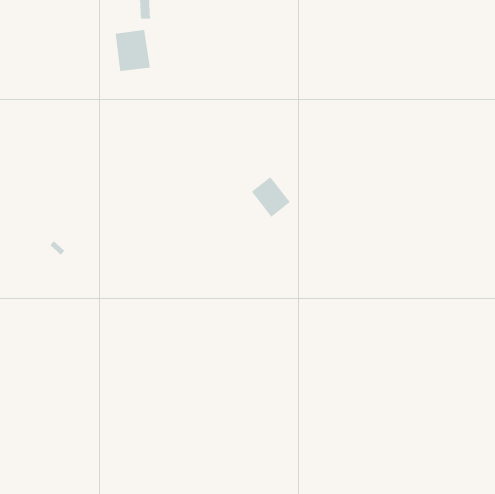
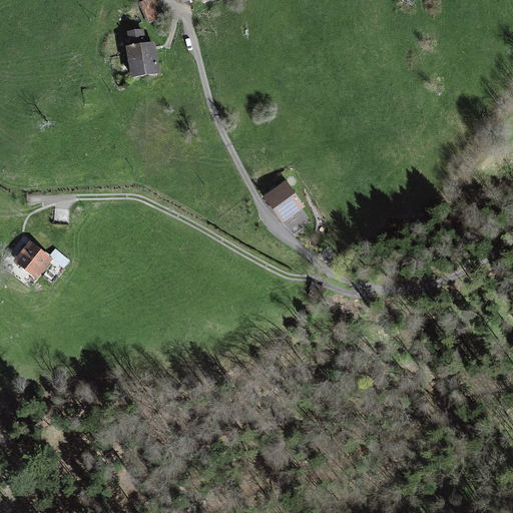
building: none -> [18,241,52,276]

